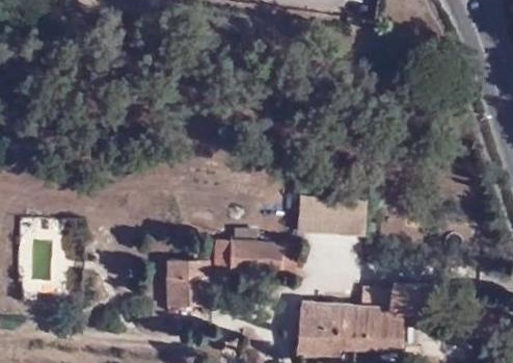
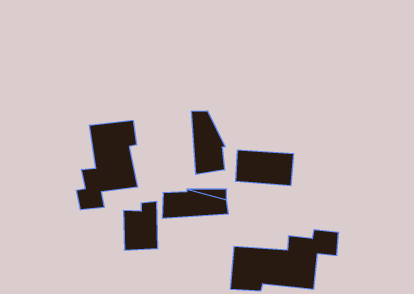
building: none -> [192,111,225,174]
building: none -> [76,120,137,210]

